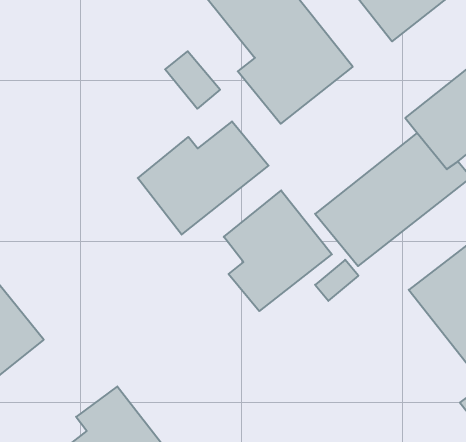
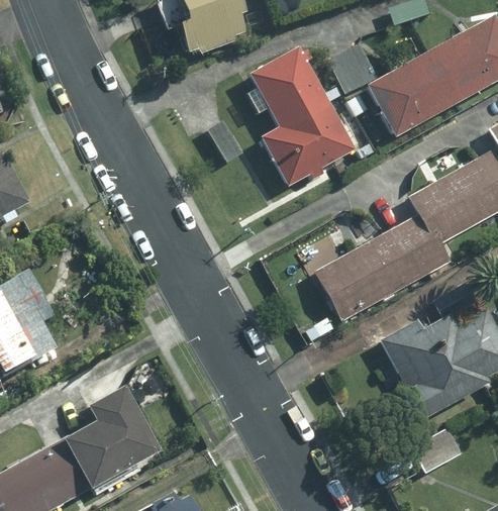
building: [138,121,269,235] -> none
building: [224,190,332,311] -> none

